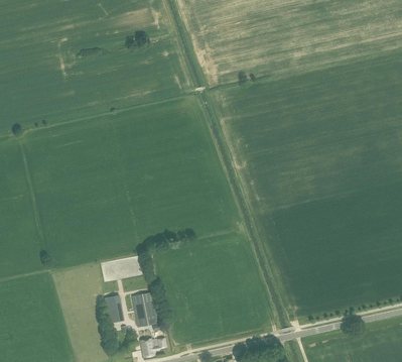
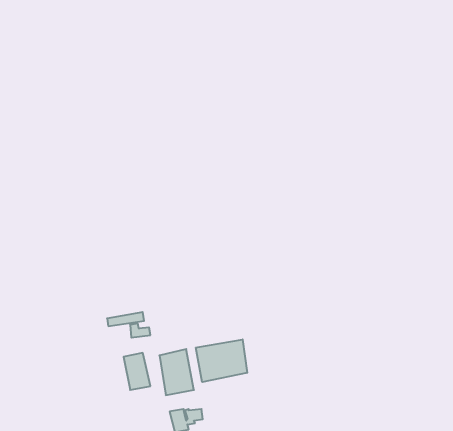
building: none -> [196,339,247,382]

